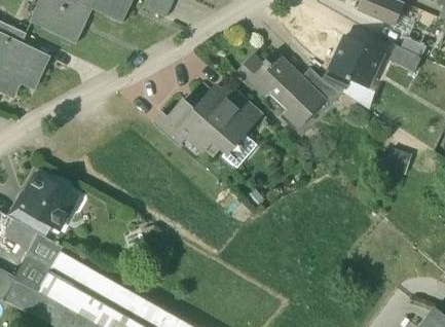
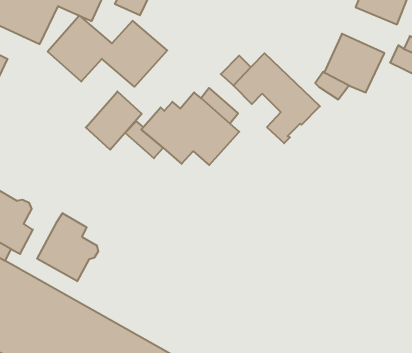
building: none -> [48,15,167,87]
building: none -> [86,91,142,150]
building: none -> [37,213,98,281]

